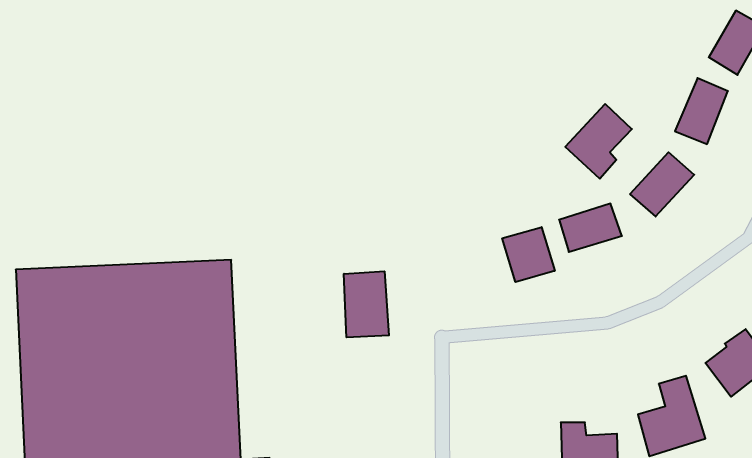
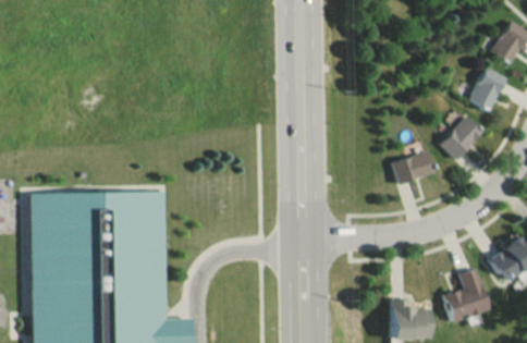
building: [565,104,632,179] -> none
building: [502,227,555,282] -> none
building: [344,271,389,337] -> none

